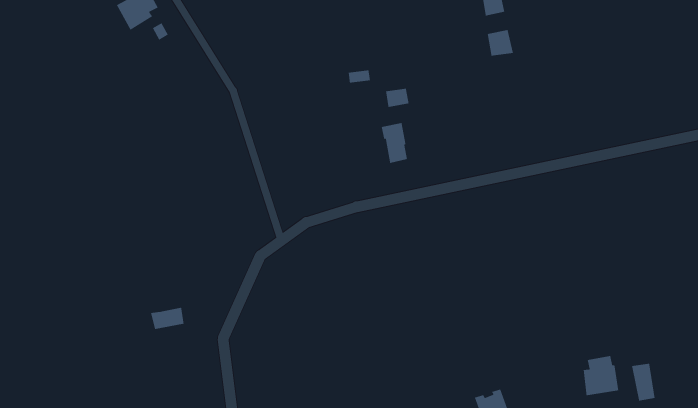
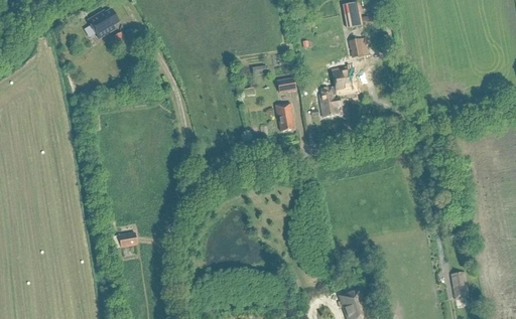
building: none -> [318,66,356,117]
building: [583,355,619,396] -> none

